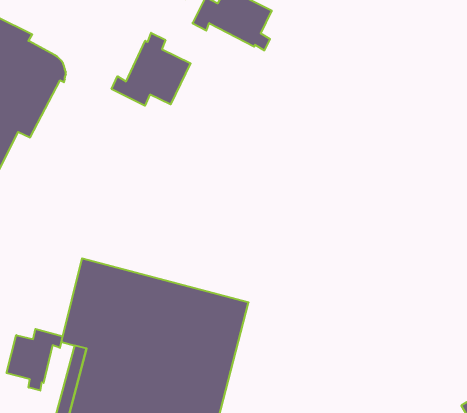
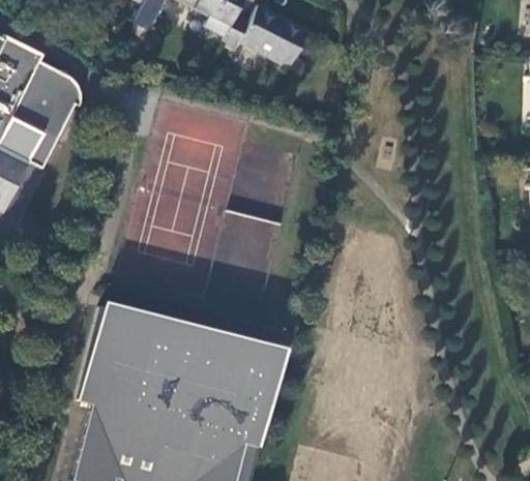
building: [112,33,191,106] -> none
building: [7,329,63,391] -> none

